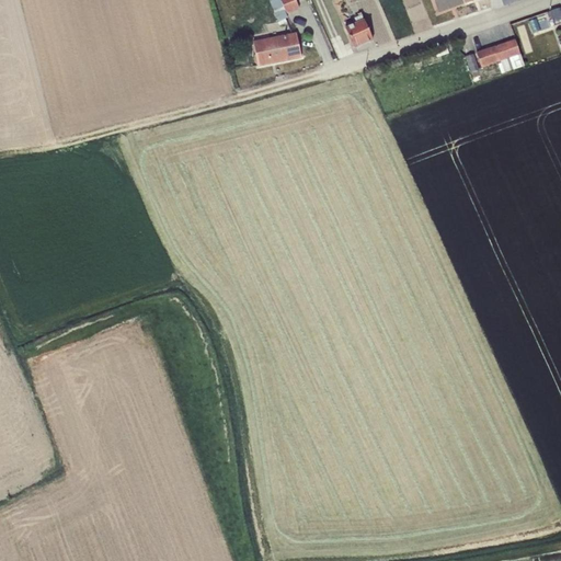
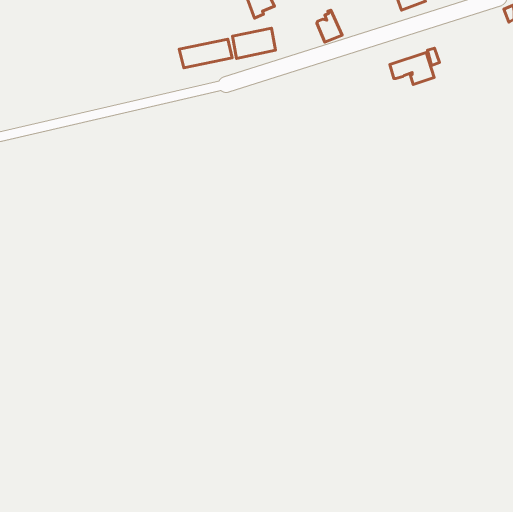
building: [477,37,525,72] -> [390,52,434,85]
building: none -> [179,39,232,68]

